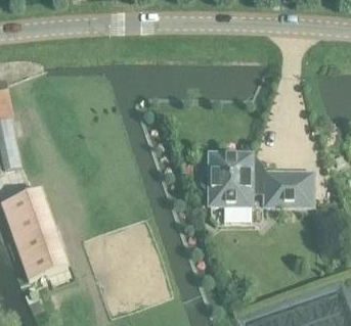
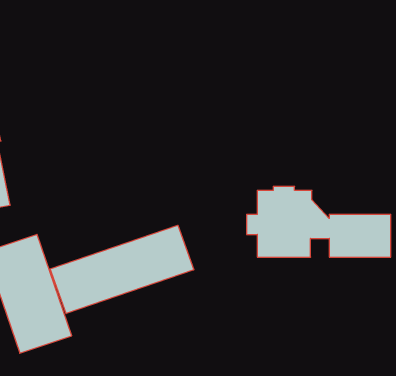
building: none -> [50,225,194,314]

